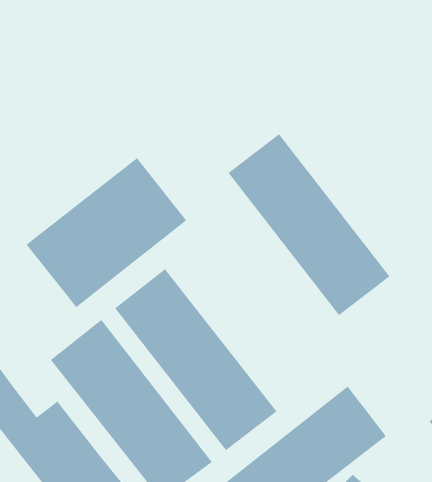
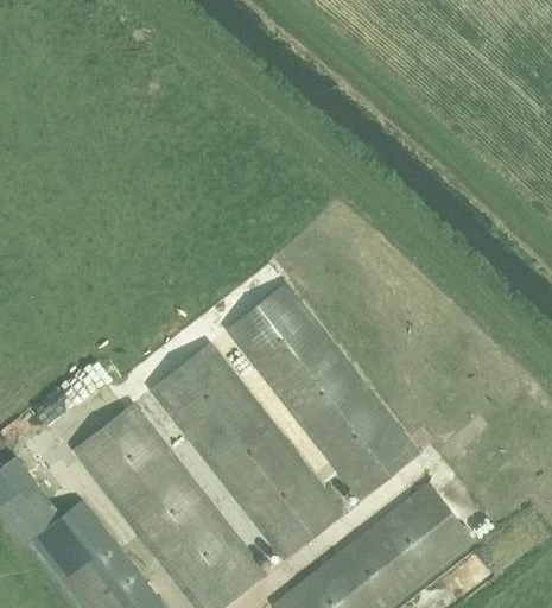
building: [228,133,391,316] -> [226,283,420,501]
building: [26,157,187,308] -> none

